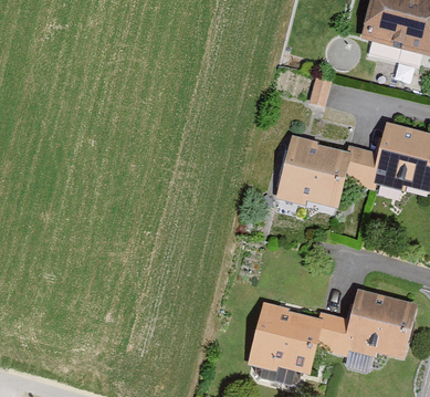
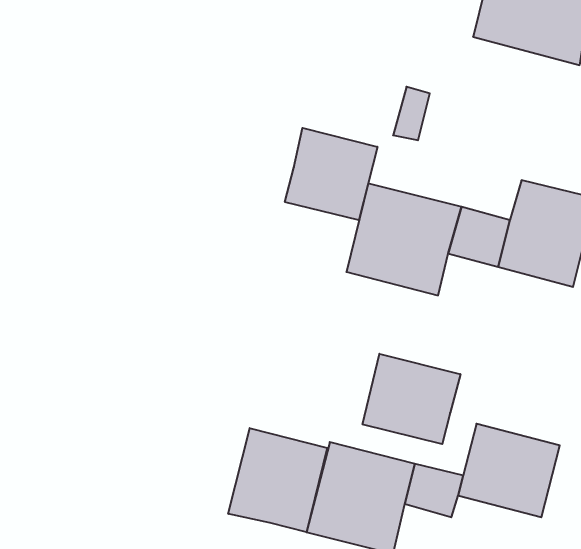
building: none -> [285,128,377,220]
building: none -> [363,354,460,444]
building: none -> [228,428,327,532]

